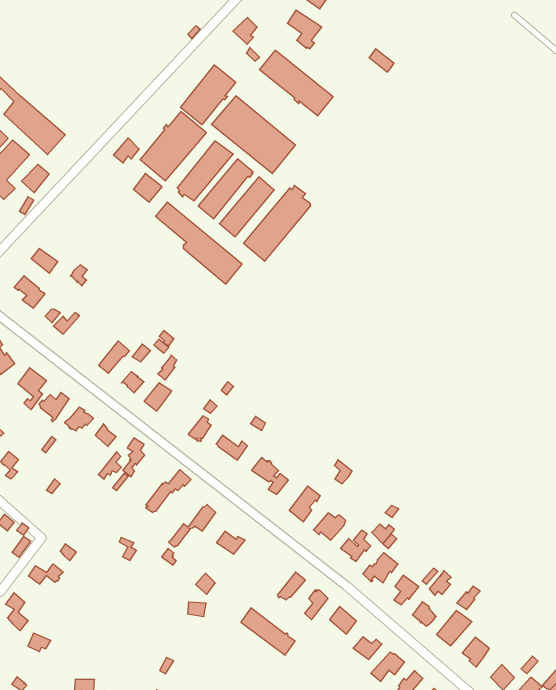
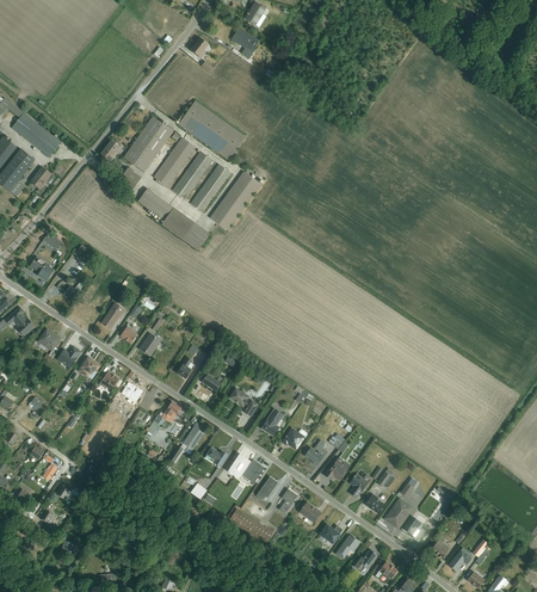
building: [260,50,333,116] -> none
building: [181,65,236,125] -> none
building: none -> [228,452,265,485]

